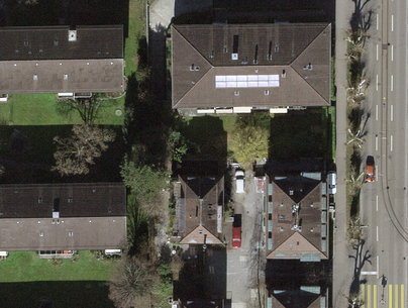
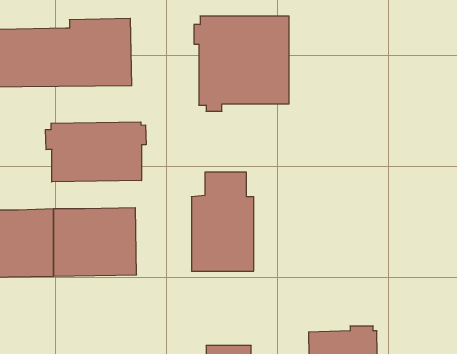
building: [252,27,325,104] -> none
building: none -> [45,122,146,182]
building: [270,171,326,258] -> none

